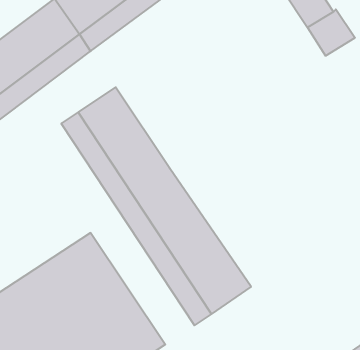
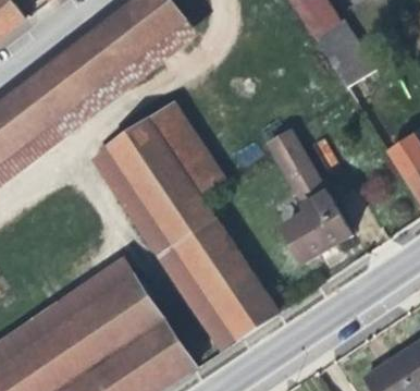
building: none -> [147,102,224,198]
building: none -> [262,127,349,260]

